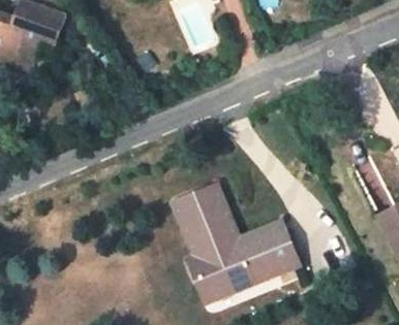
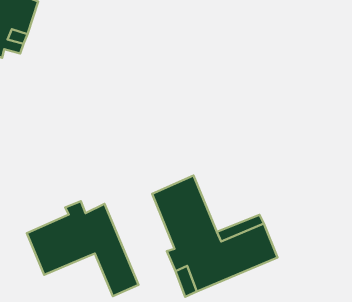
building: none -> [27,201,139,296]

